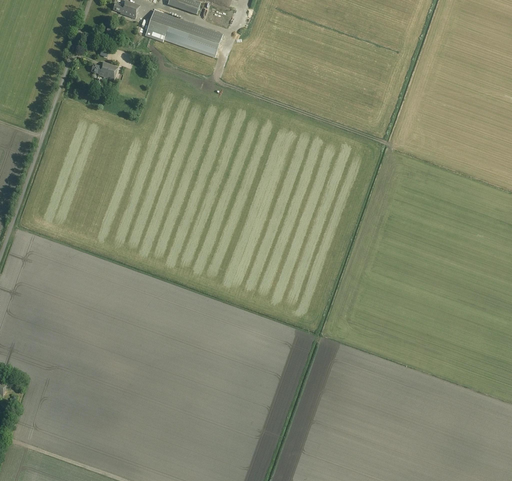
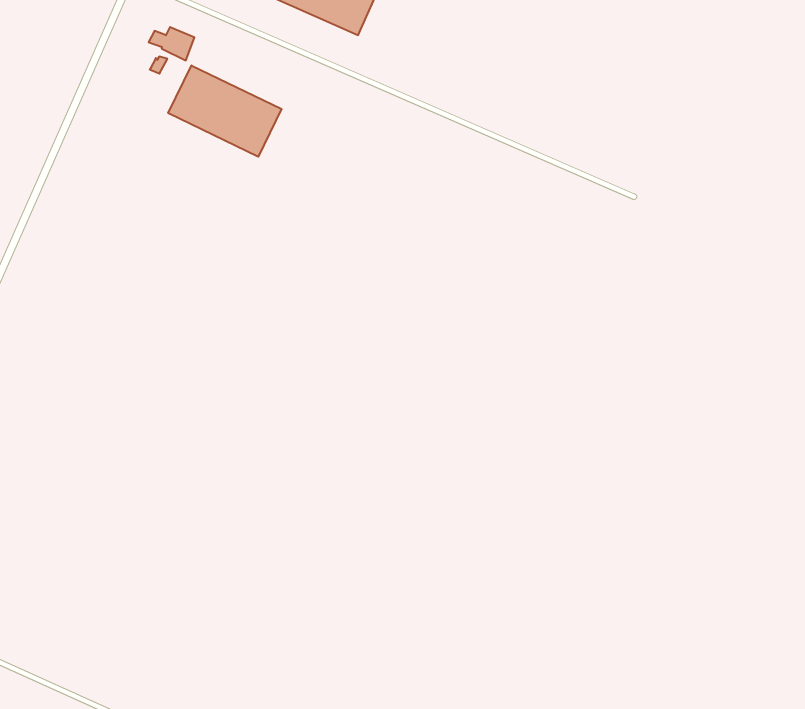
building: none -> [168,65,282,157]

